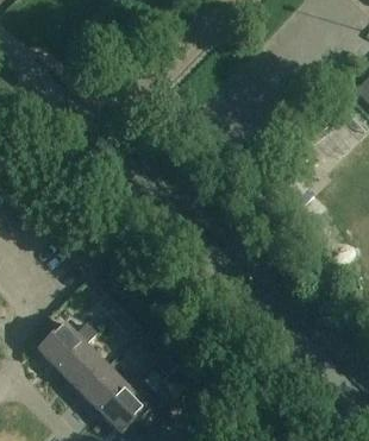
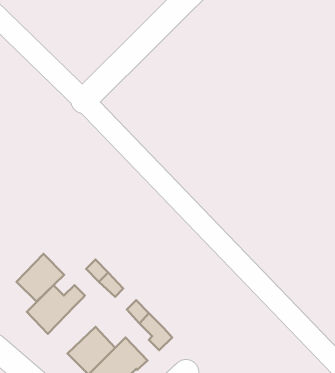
building: [58,344,107,392] -> [17,254,64,302]

